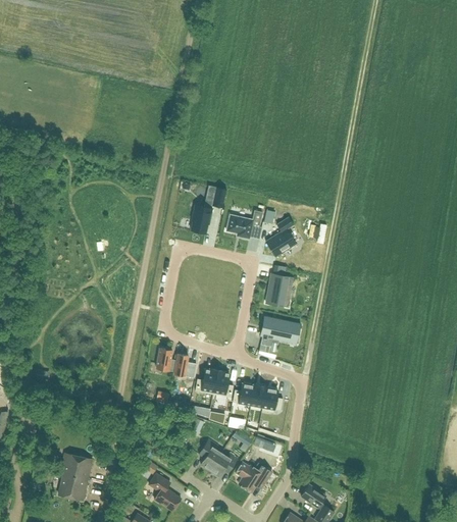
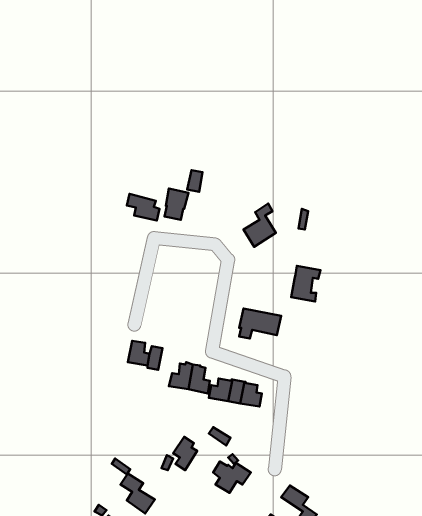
building: none -> [127,194,159,220]
building: [226,211,262,239] -> none
building: [266,273,294,307] -> [291,266,320,302]
building: [210,452,239,476] -> none
building: [58,453,93,501] -> none

